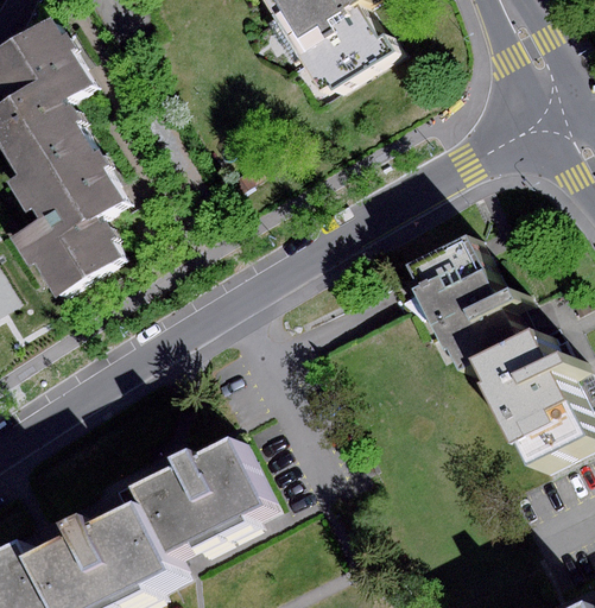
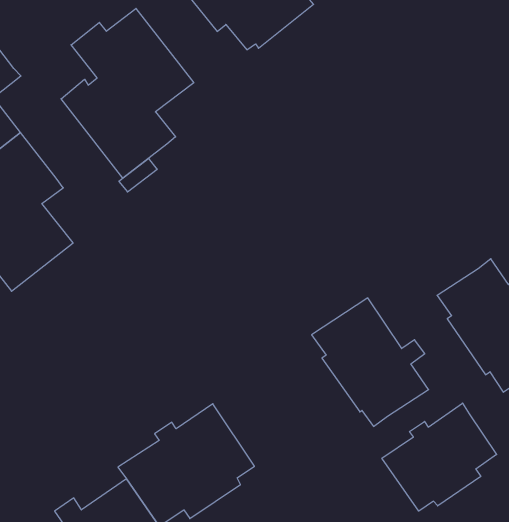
building: none -> [61,8,194,178]
building: [414,236,526,367] -> [312,298,429,426]
building: none -> [382,403,497,511]

